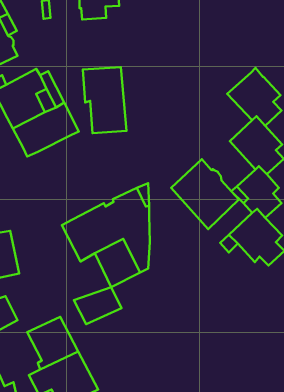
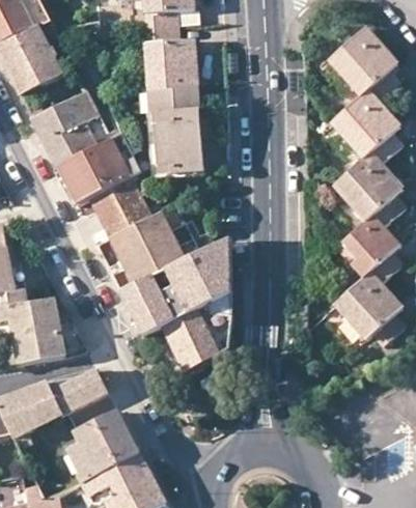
building: none -> [143,25,195,91]
building: none -> [329,27,399,101]
building: none -> [88,175,186,284]
building: [171,159,239,229] -> none
building: [74,287,122,324] -> [47,366,108,414]

